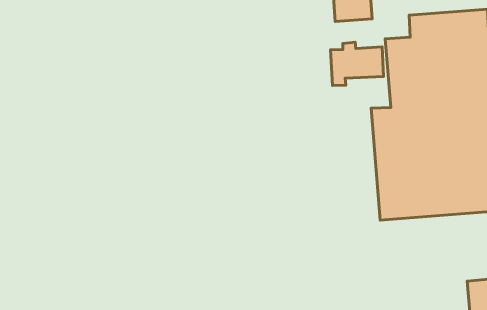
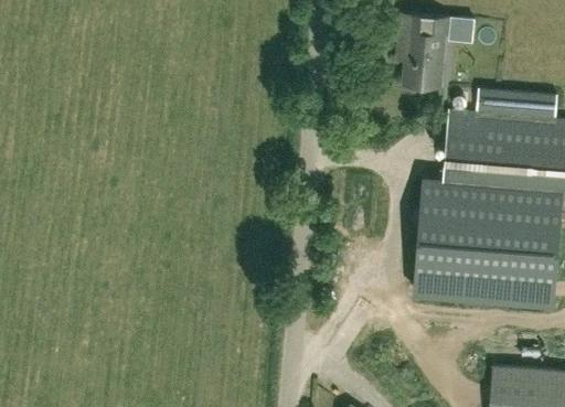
building: [330,42,384,86] -> none

